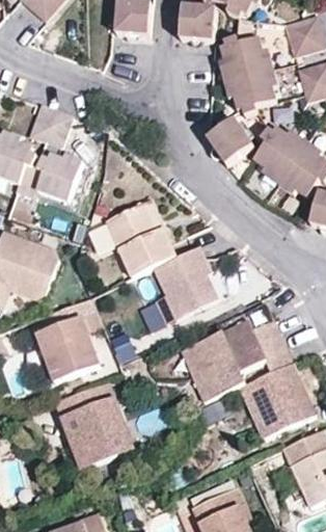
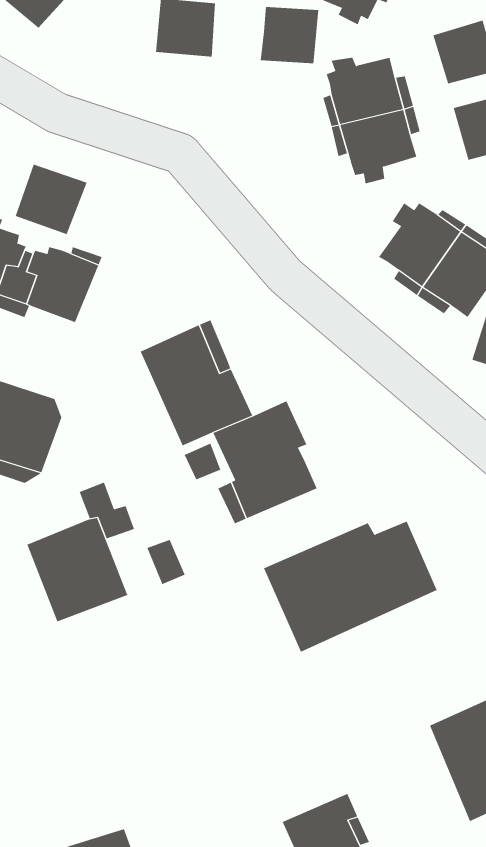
building: [207,117,252,165] -> none
building: [240,364,311,438] -> none
building: [54,380,134,472] -> none

